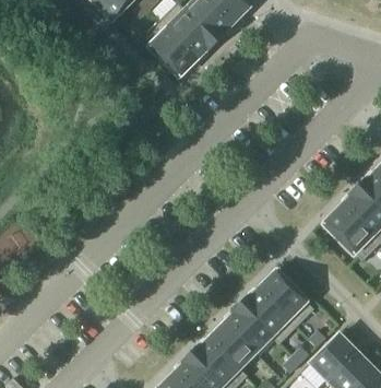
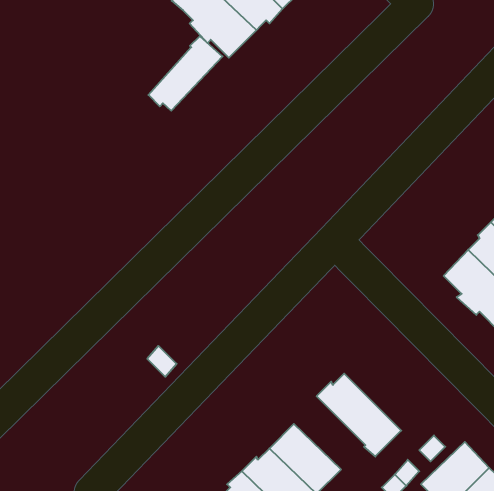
building: none -> [148,36,223,111]
building: [258,270,313,326] -> none
building: [224,303,272,352] -> none

